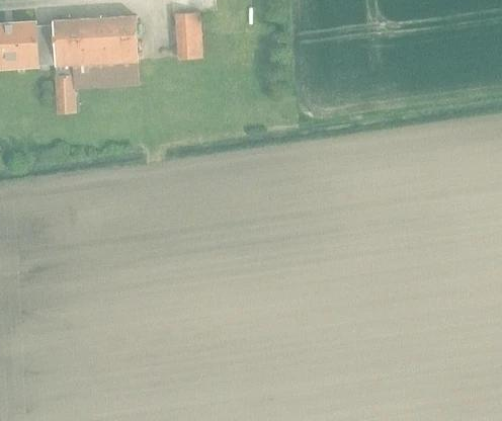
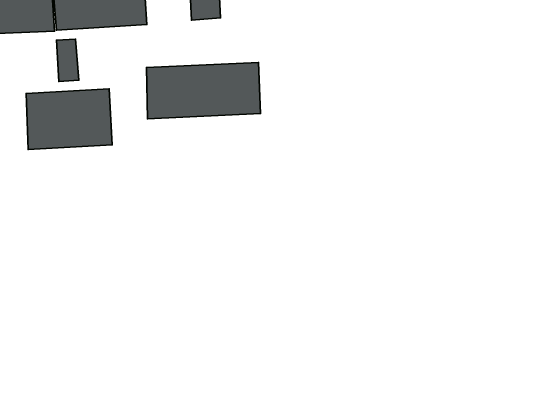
building: none -> [147,62,261,119]
building: none -> [26,89,112,150]

